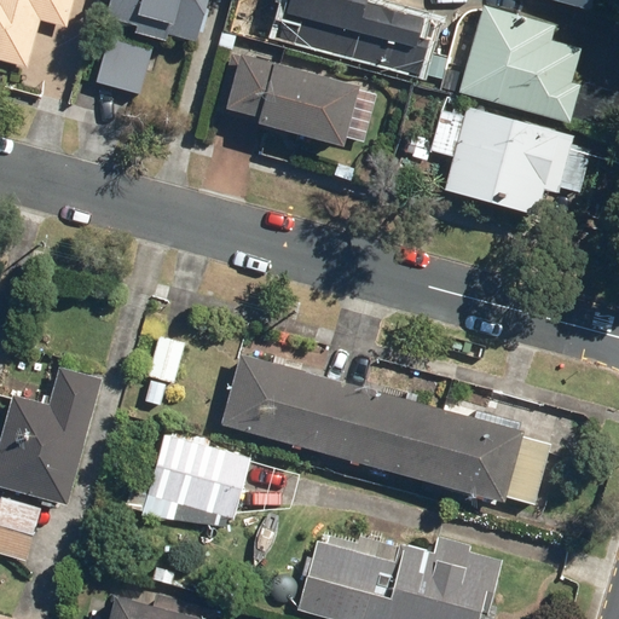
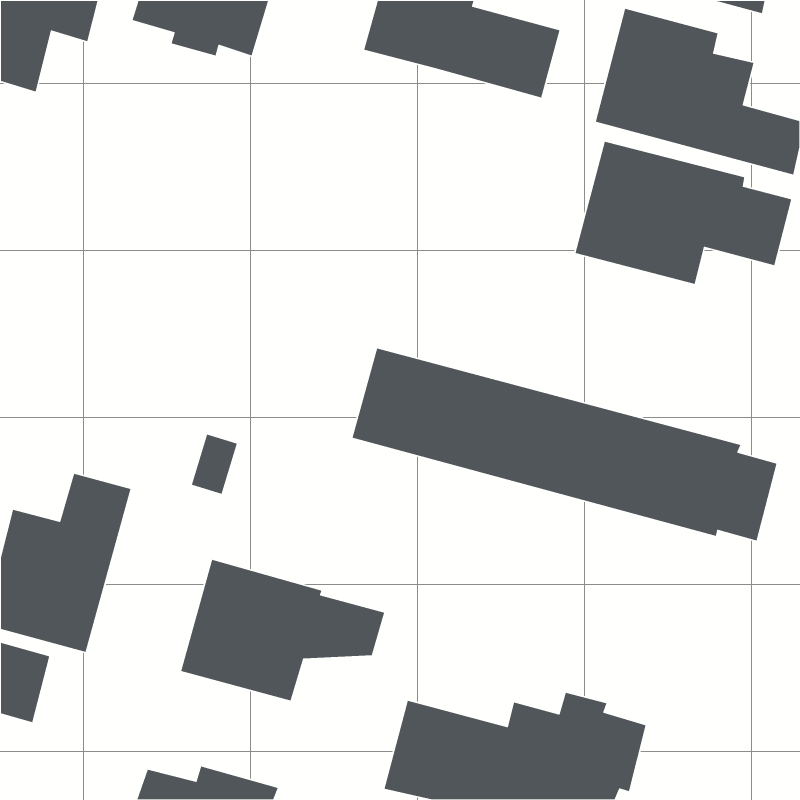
building: [96,40,152,97] -> none
building: [214,53,360,150] -> none
building: [220,354,549,504] -> [352,347,777,541]

